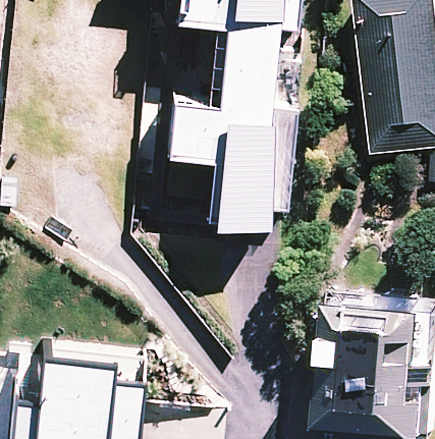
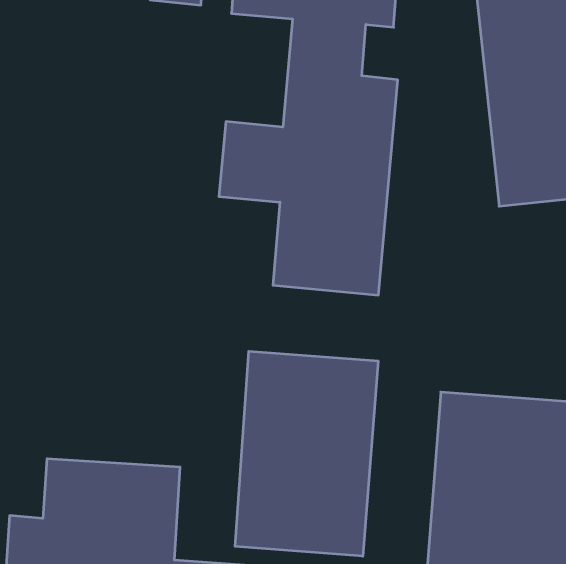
building: none -> [235,351,378,556]

